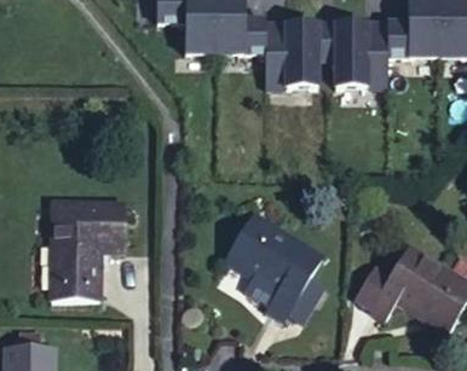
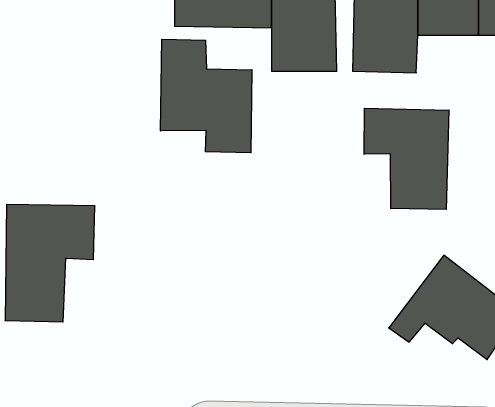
building: none -> [161,39,252,153]
building: none -> [364,108,449,209]
building: [232,221,323,329] -> none

